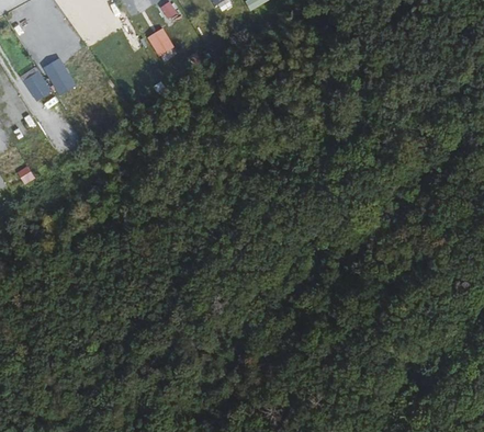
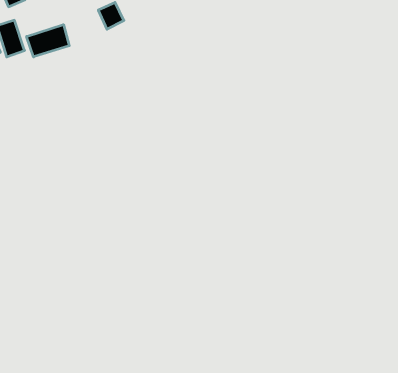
building: none -> [27,25,69,57]

